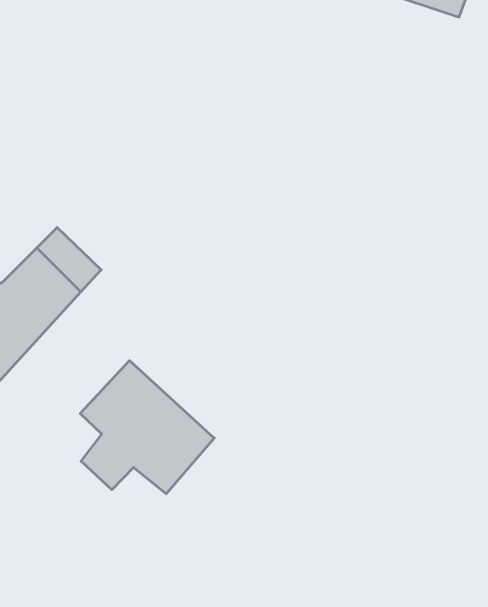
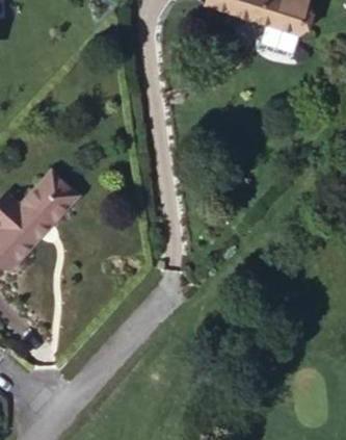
building: [80,361,214,494] -> none

